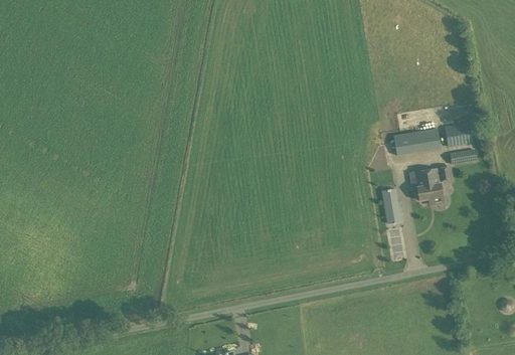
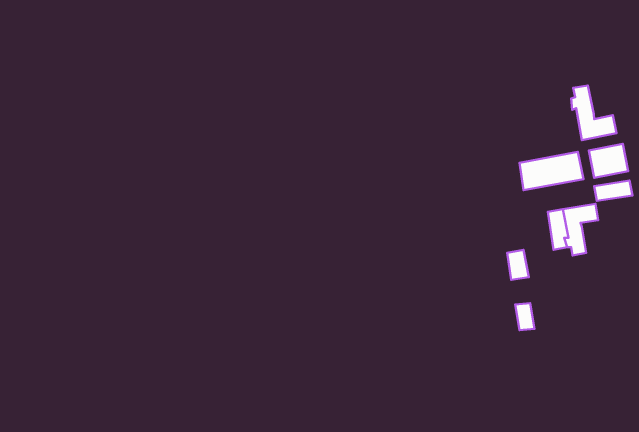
building: none -> [571,86,617,140]

